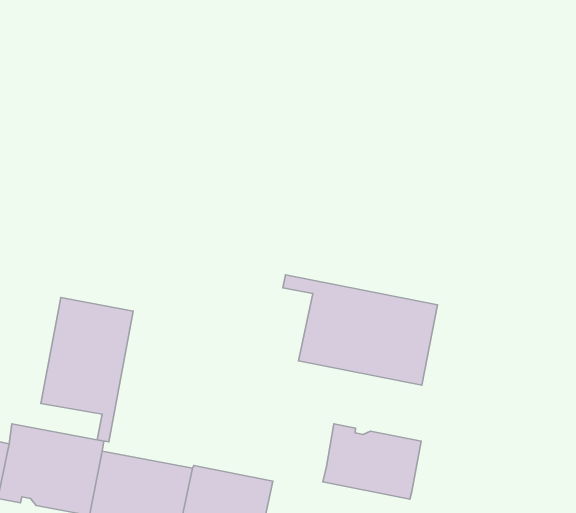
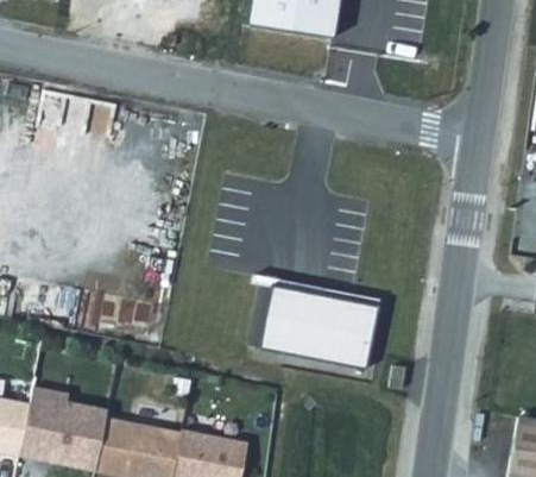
building: [41,297,133,442] -> none
building: [323,424,421,499] -> none

